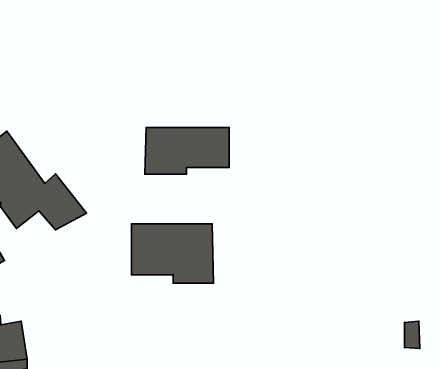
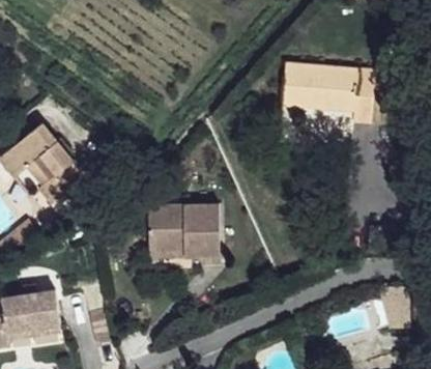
building: none -> [280,69,373,126]
building: [145,127,229,174] -> none

